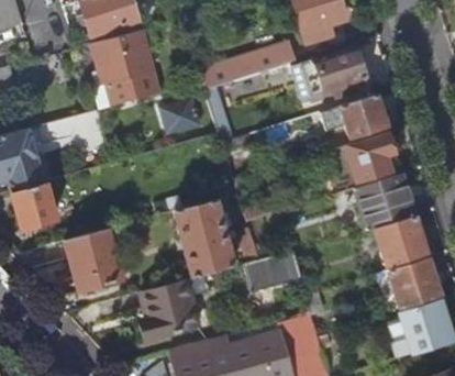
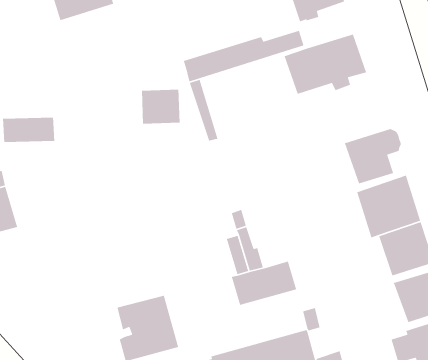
building: [90,31,157,107] -> none
building: [320,96,386,139] -> none
building: [173,200,233,279] -> none
building: [64,230,121,292] -> none

